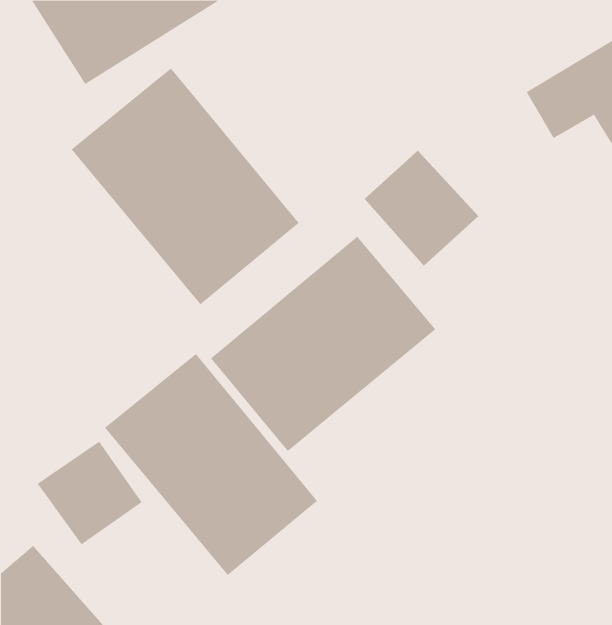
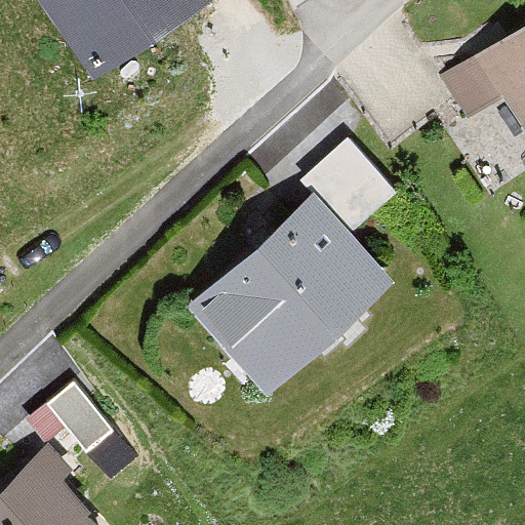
building: [71,68,299,305] -> none
building: [104,353,318,576] -> none

